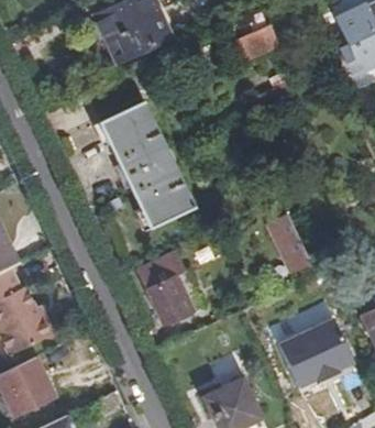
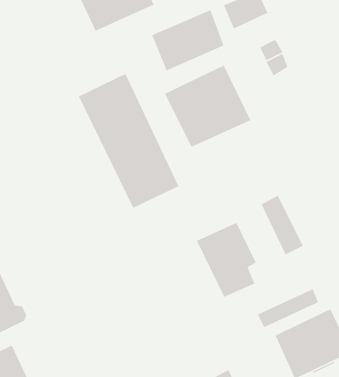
building: none -> [151,9,224,71]
building: none -> [164,65,252,148]
building: [137,252,195,323] -> [196,222,257,298]

